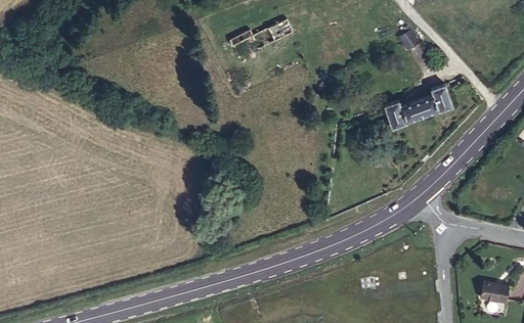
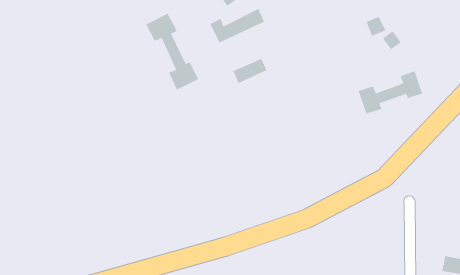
building: none -> [145,13,199,90]
building: none -> [233,58,267,84]

